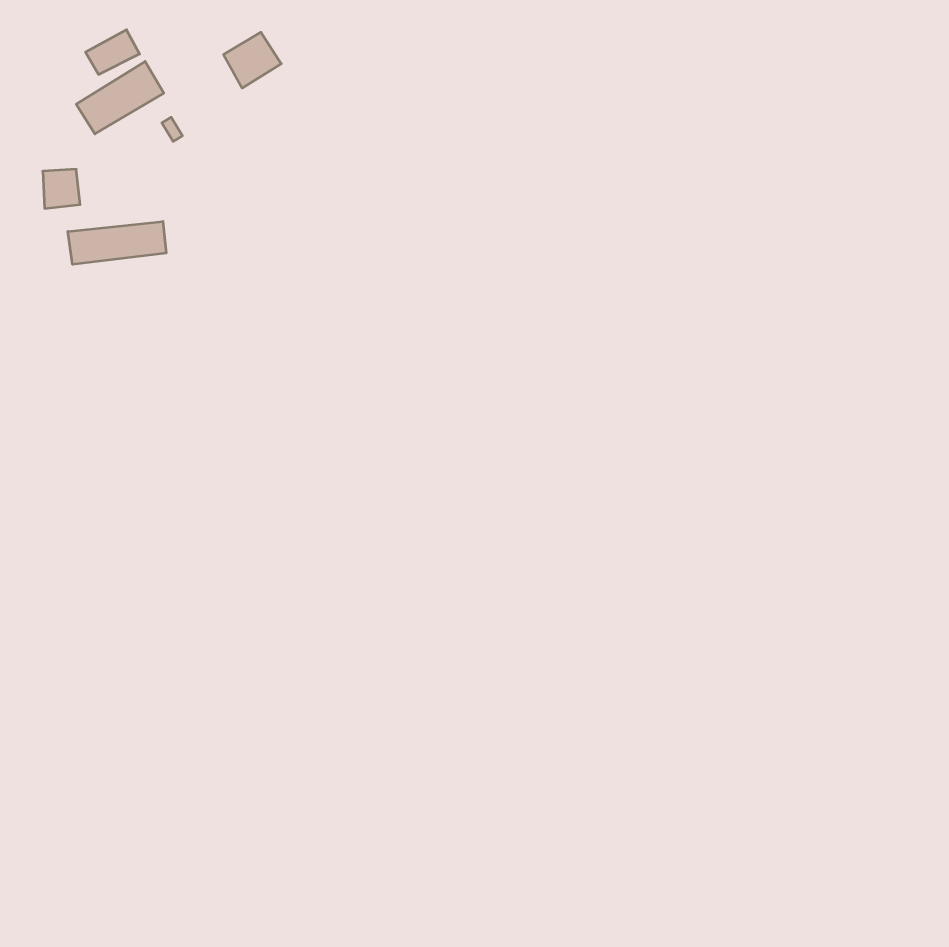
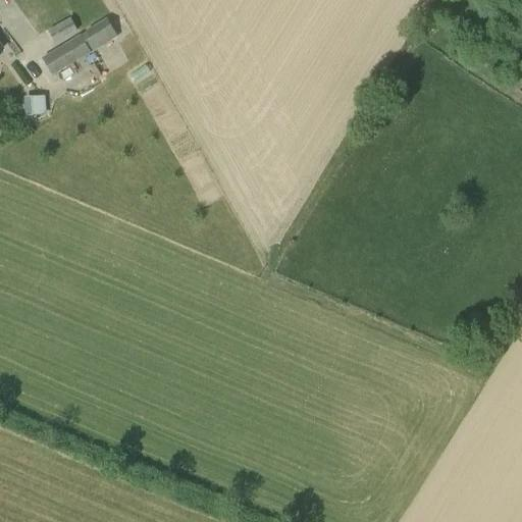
building: [224,32,281,88] -> [86,18,117,49]
building: [68,221,166,264] -> none

